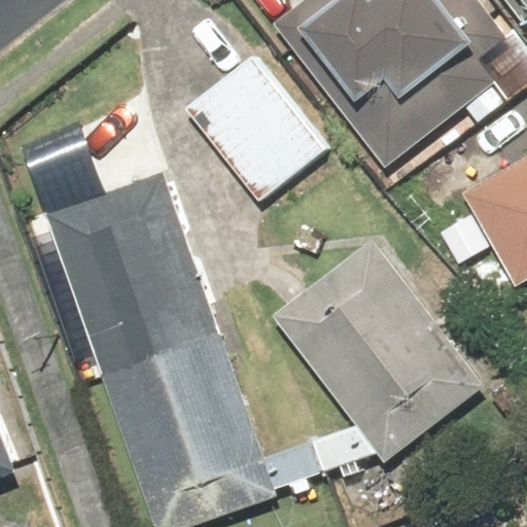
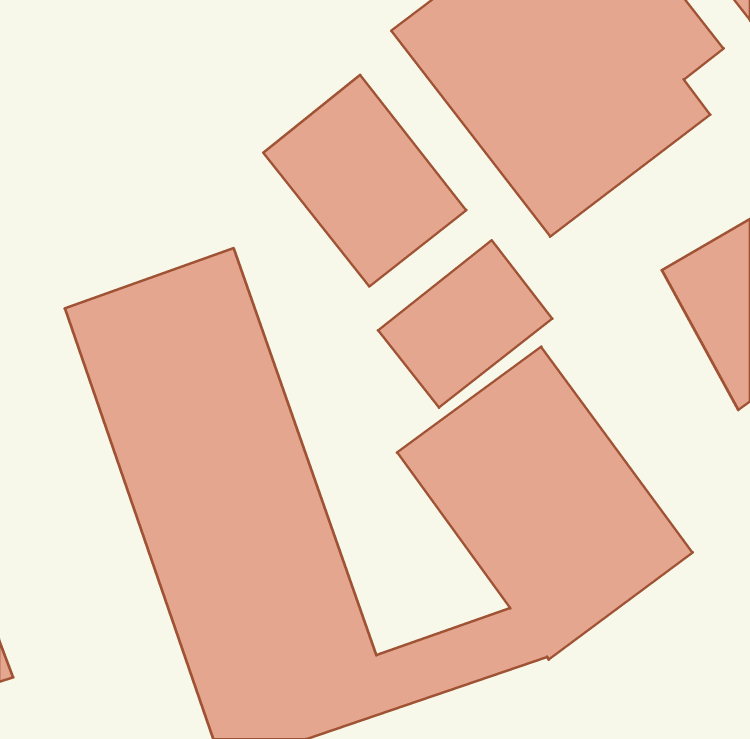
building: none -> [378,240,552,408]

